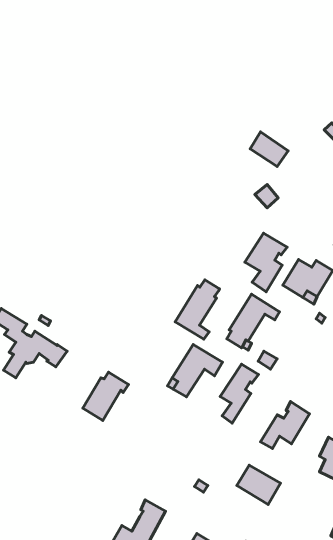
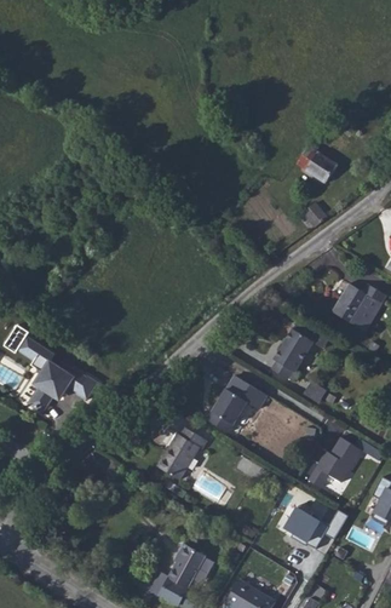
building: [245,233,287,292] -> none
building: [175,280,219,339] -> none
building: [220,364,259,423] -> none
building: [83,372,129,420] -> [157,428,207,480]

